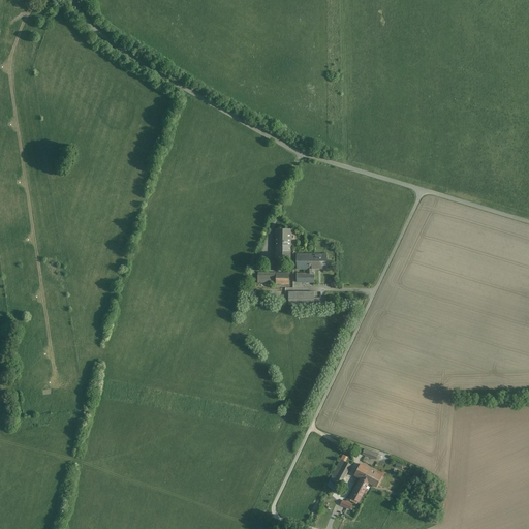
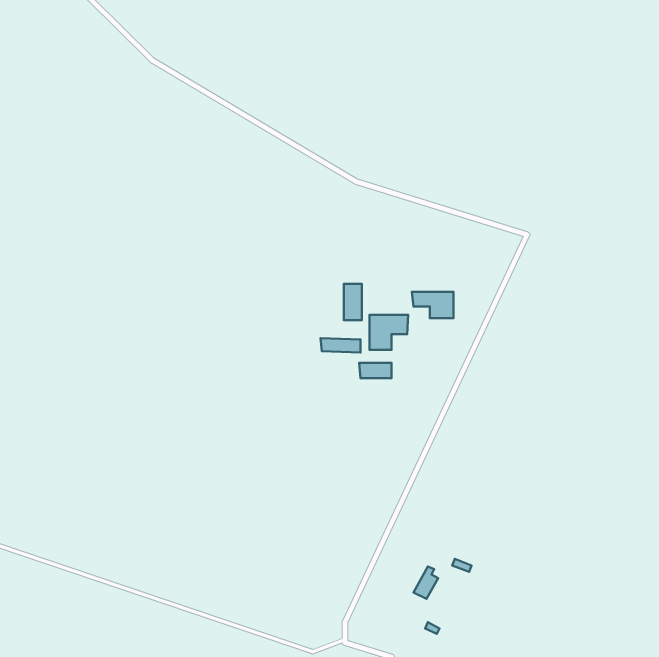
building: none -> [412,292,454,318]
building: [351,463,381,499] -> none

